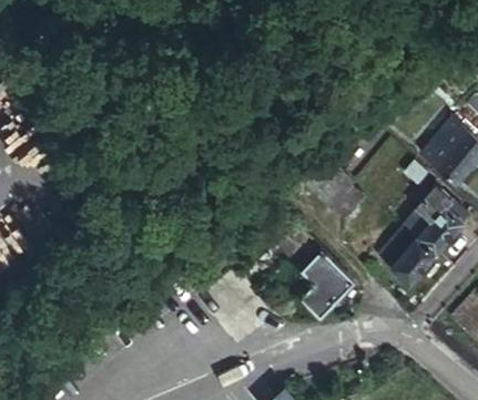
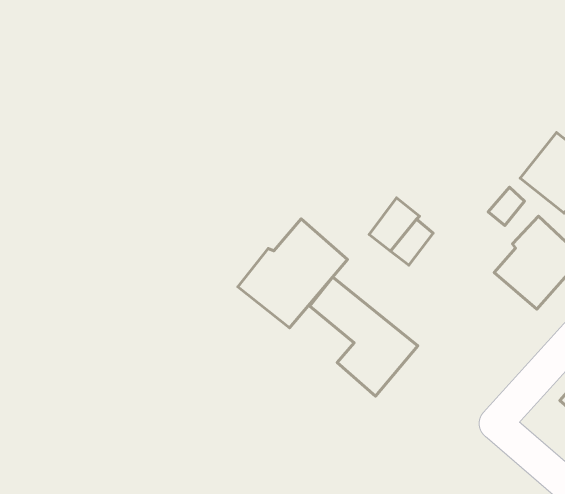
building: none -> [238,219,348,328]
building: [380,226,438,283] -> none

